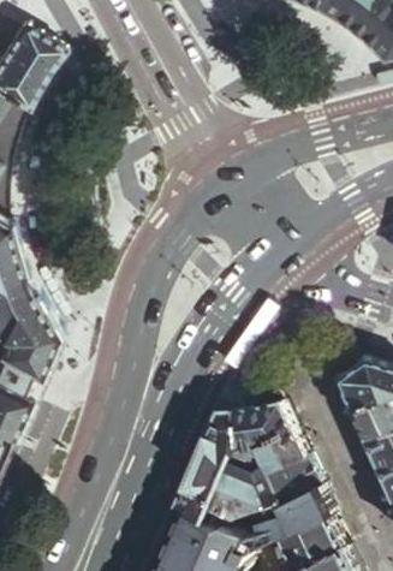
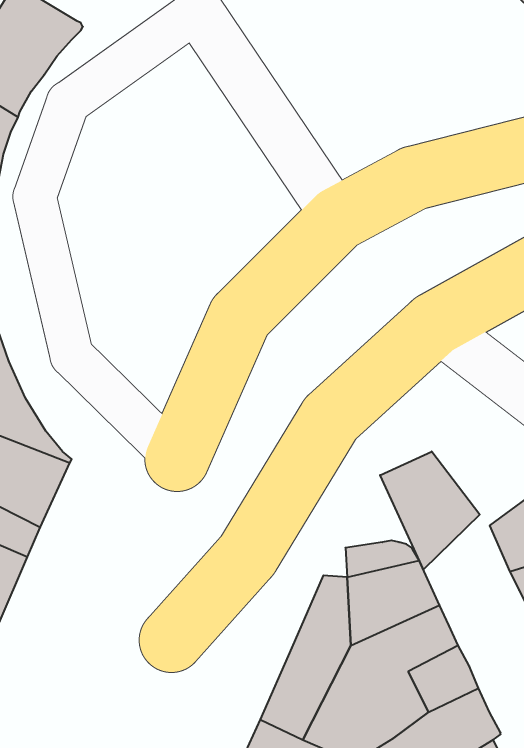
building: none -> [380,451,480,570]

